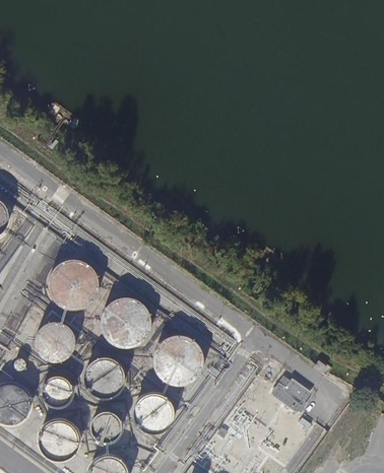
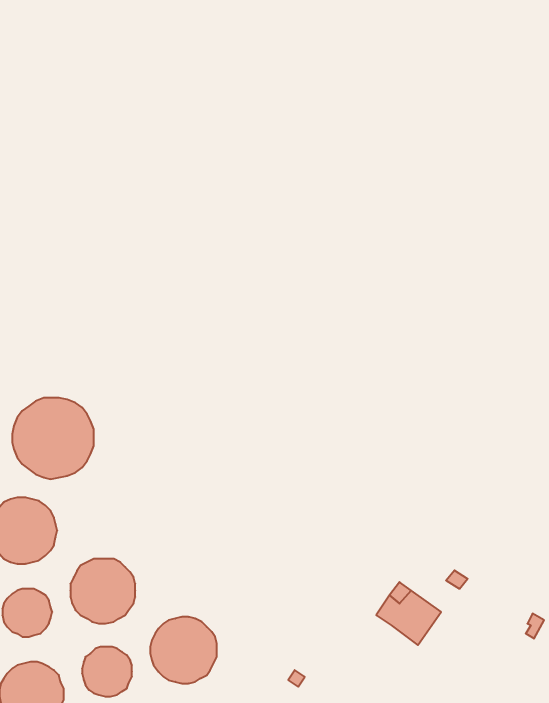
building: [101,297,150,347] -> none
building: [153,335,203,385] -> none

